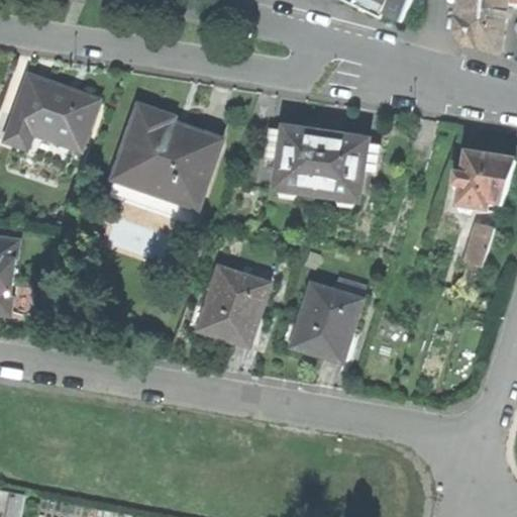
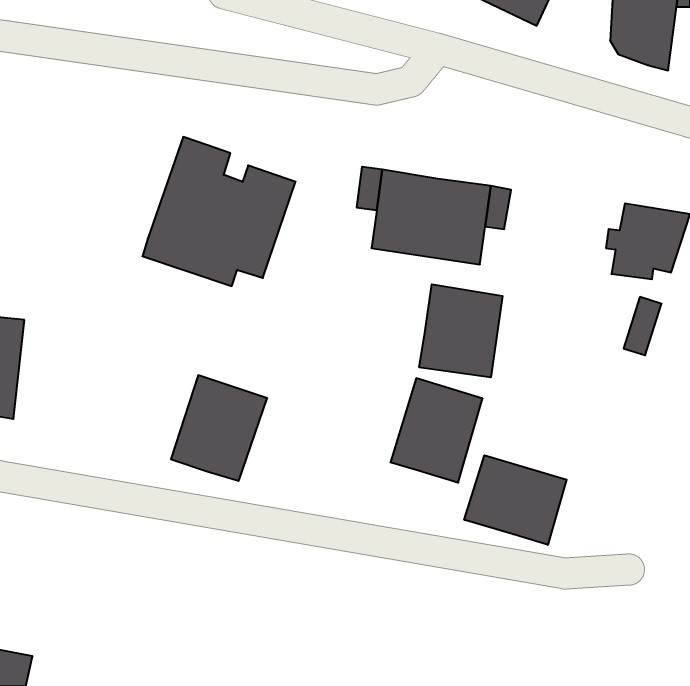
building: [4,77,98,148] -> none
building: none -> [419,284,503,377]
building: [198,265,270,343] -> [171,375,267,481]
building: none -> [464,455,567,545]

